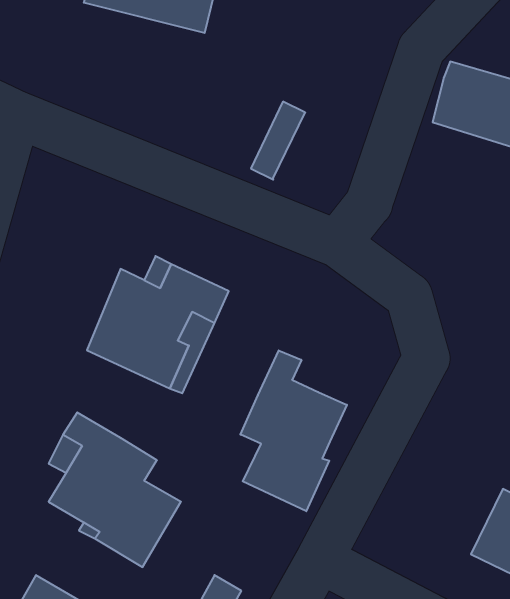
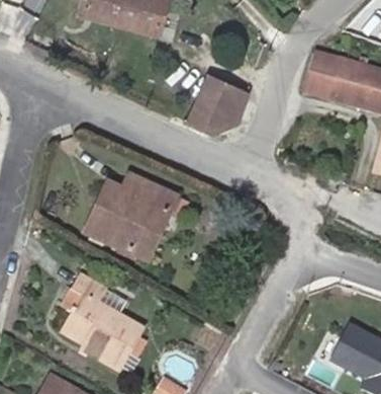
building: none -> [203,83,248,130]
building: [240,350,347,511] -> none

